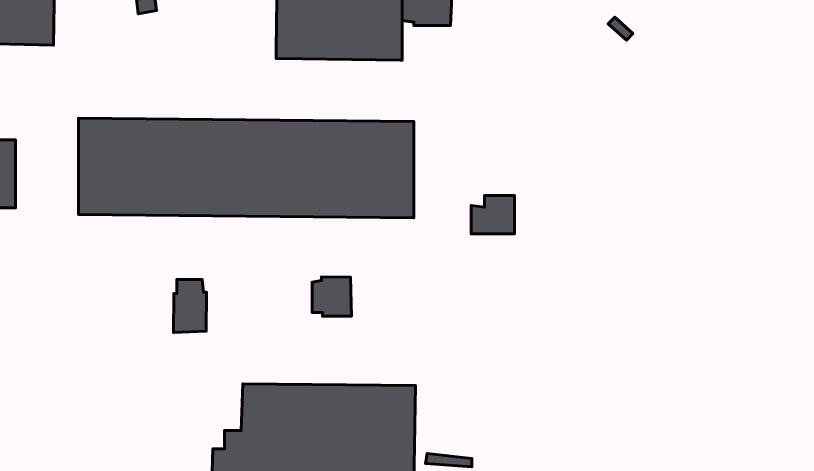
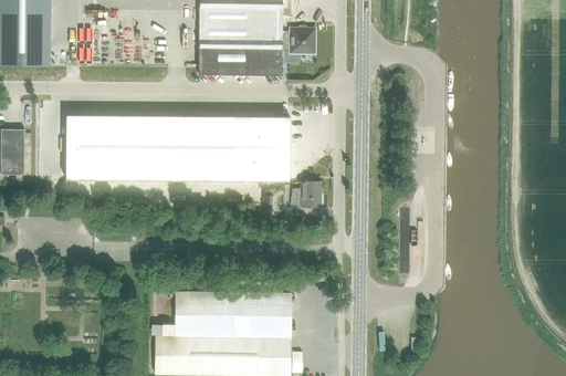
building: [471,196,514,234] -> [292,181,321,207]
building: [312,277,351,316] -> none
building: [173,279,206,333] -> none

